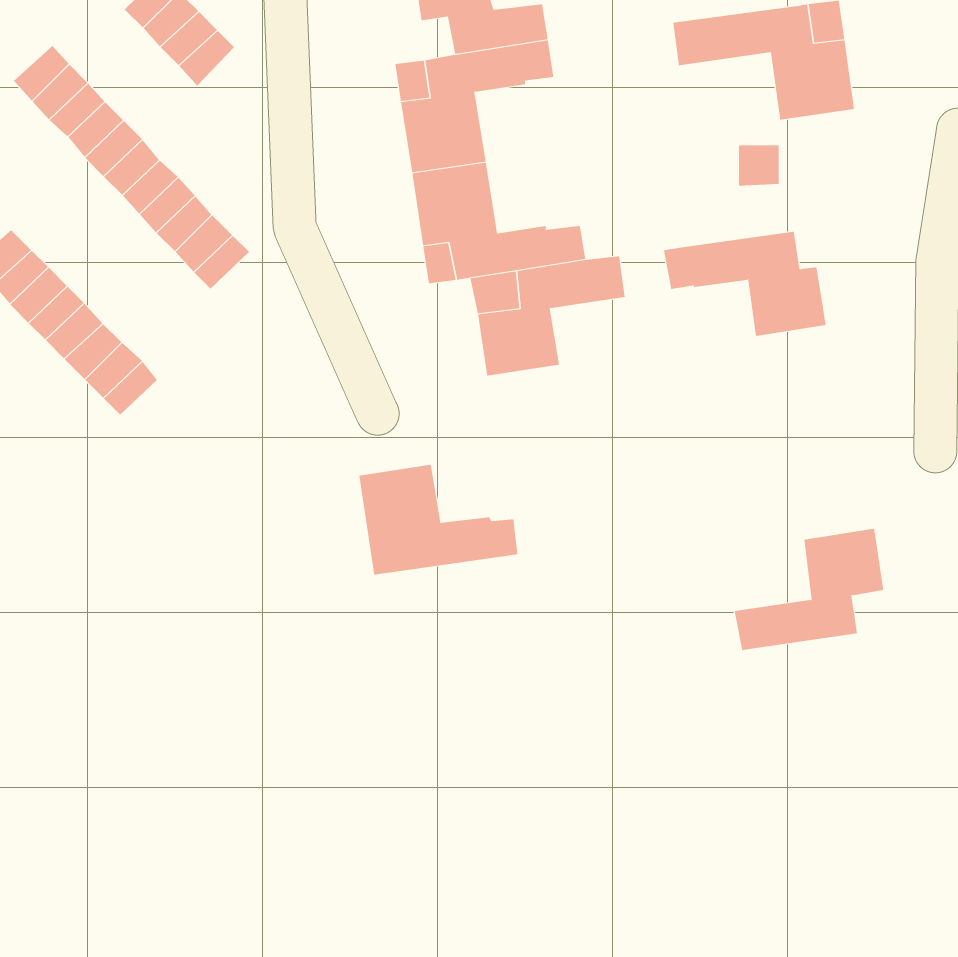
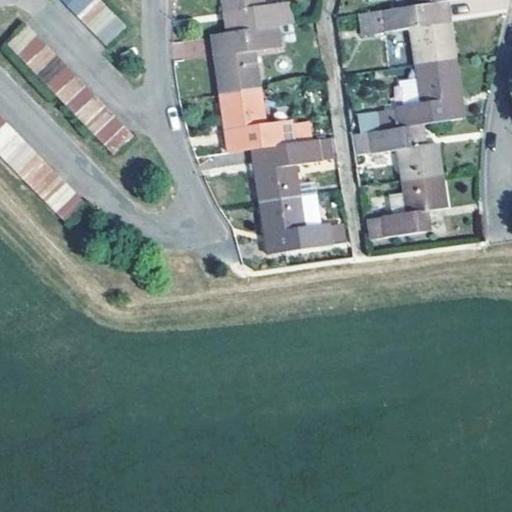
building: none -> [355,58,463,132]
building: [358,464,518,575] -> [259,194,344,253]
building: [734,528,884,650] -> [365,173,445,238]

